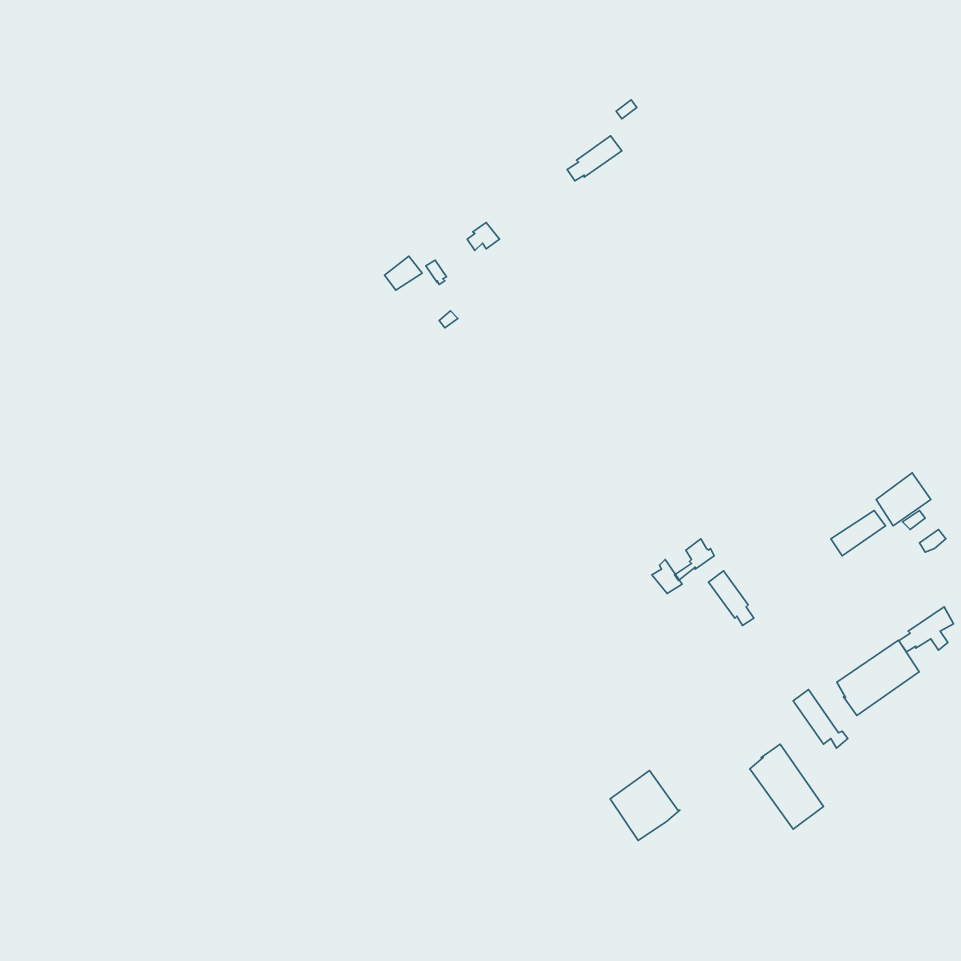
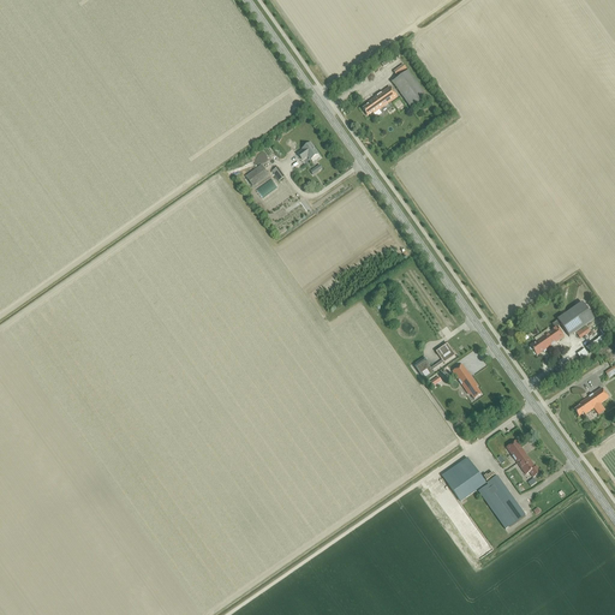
building: none -> [393,70,428,108]
building: [837,640,919,716] -> none
building: [610,771,680,840] -> [443,458,488,502]

